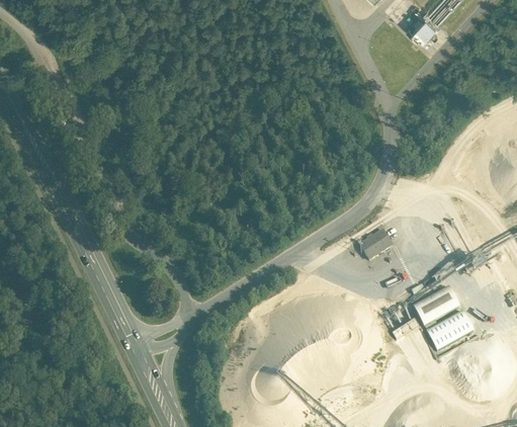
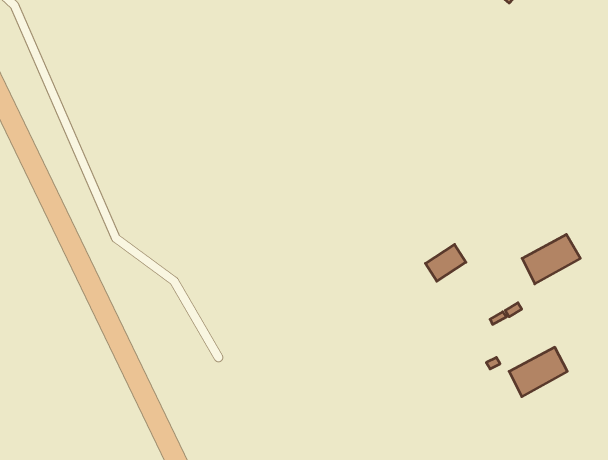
building: [413,286,459,326] -> [522,234,580,284]

